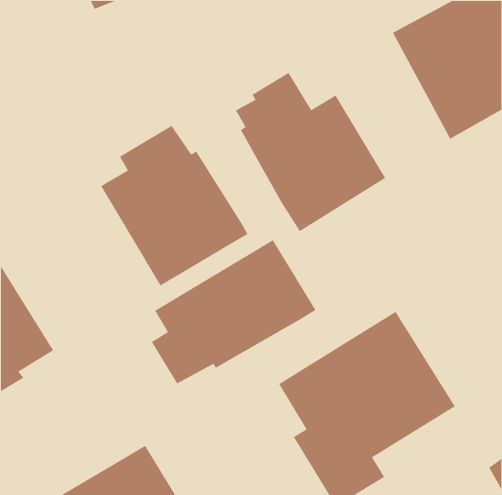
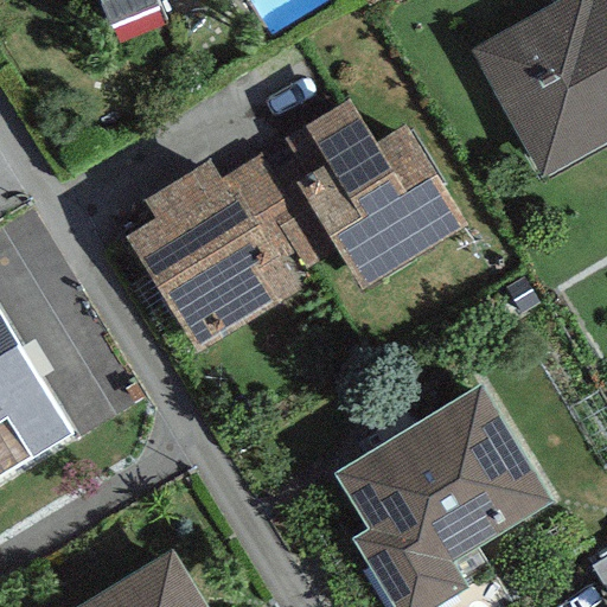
building: none -> [230,159,339,279]
building: [151,239,317,385] -> none

